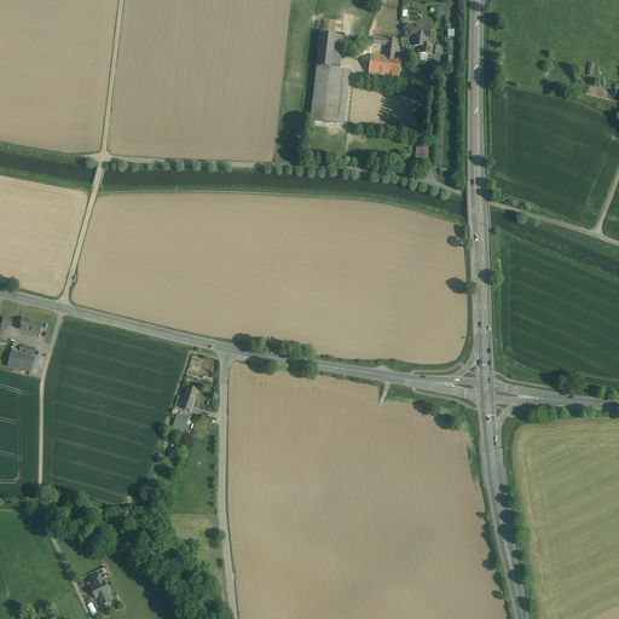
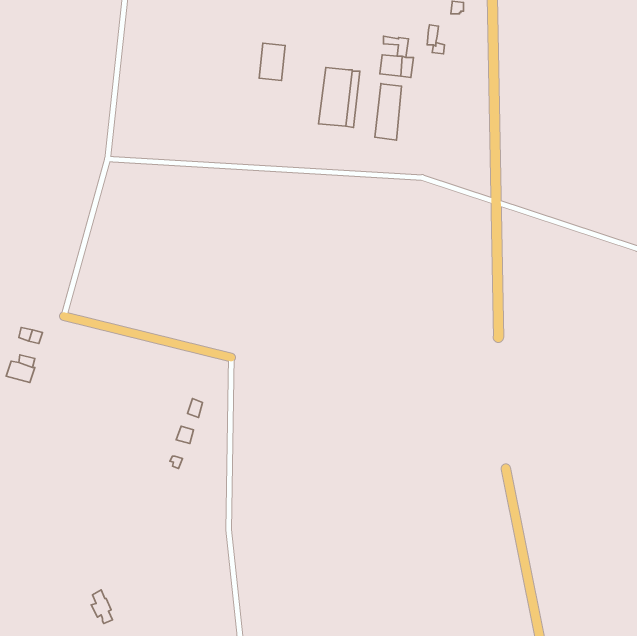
building: [316,31,341,68] -> [259,43,285,81]
building: none -> [375,83,402,140]

